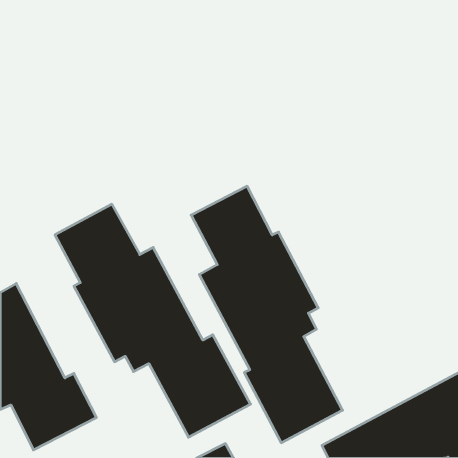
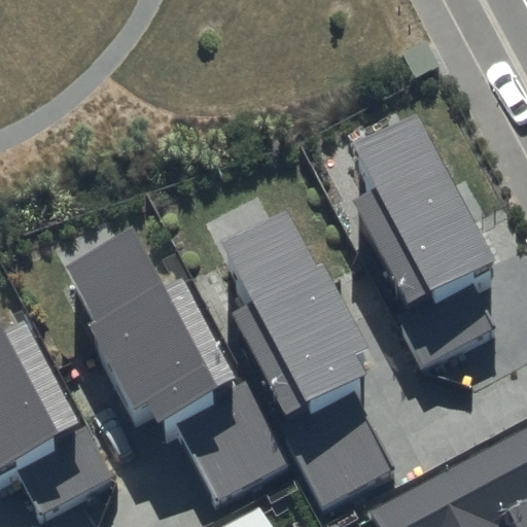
building: none -> [351,116,497,365]

